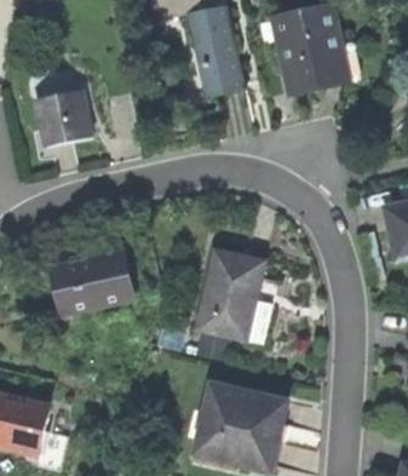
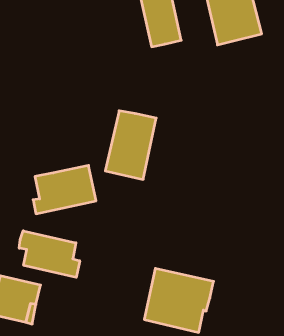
building: [35,87,91,144] -> none
building: [195,247,262,337] -> [105,111,156,179]
building: none -> [19,231,80,277]

